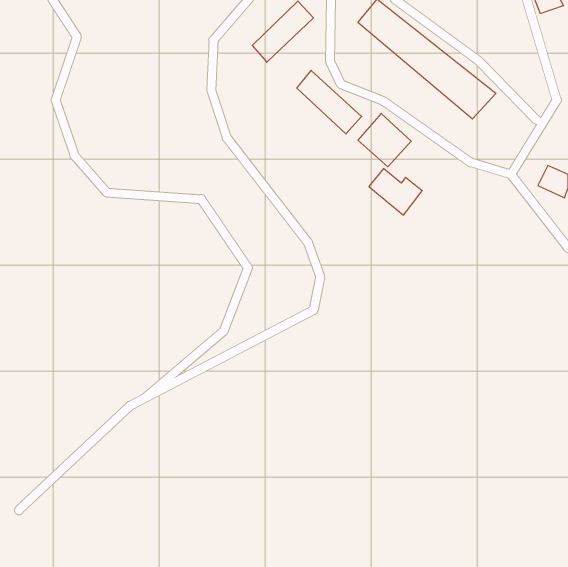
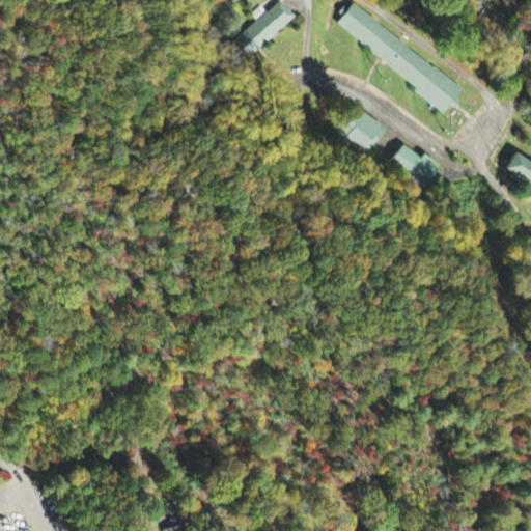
building: [297,70,362,134] -> none
building: [369,169,422,215] -> [389,146,439,190]

